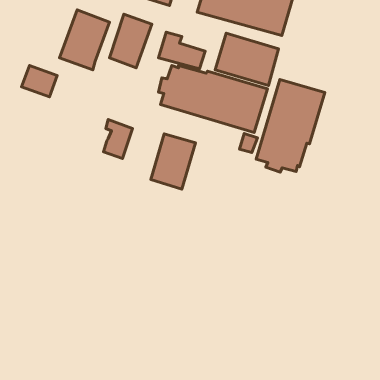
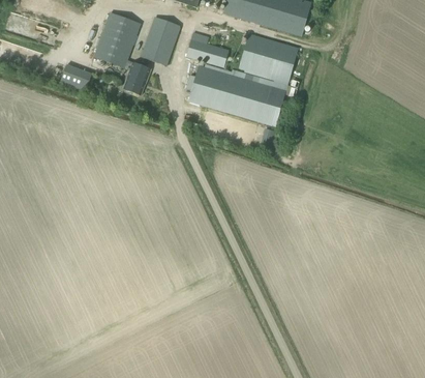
building: [256,80,325,172] -> none
building: [104,120,132,159] -> [123,59,150,95]
building: [151,134,196,189] -> none

